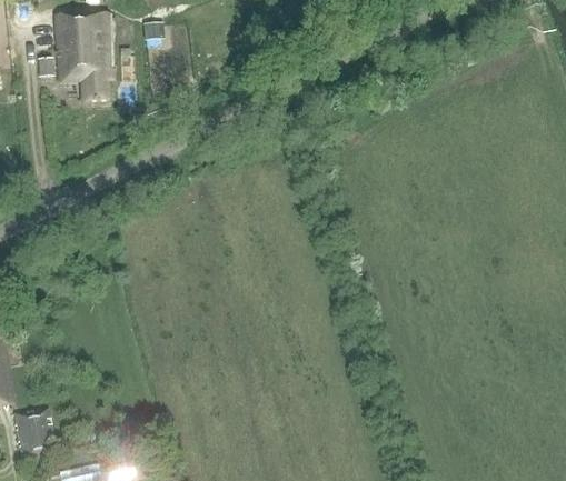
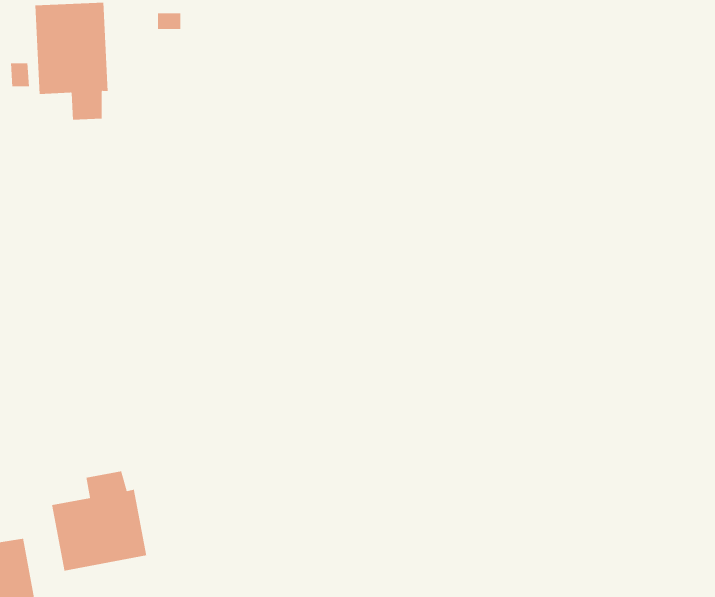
building: none -> [52,470,147,572]

